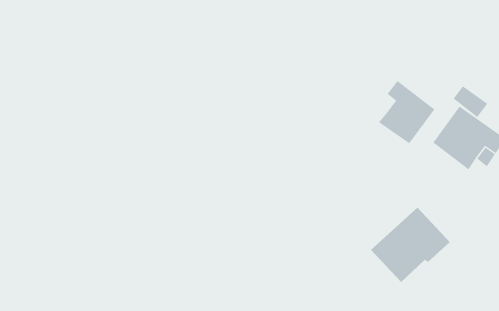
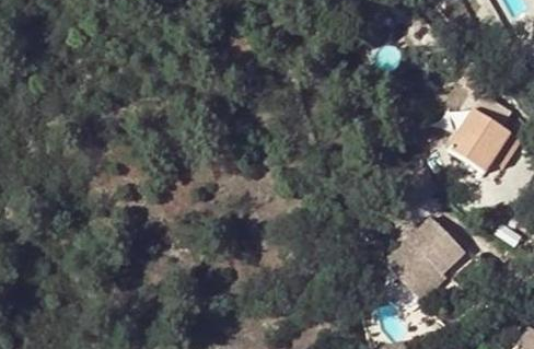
building: [378,80,435,144] -> none

